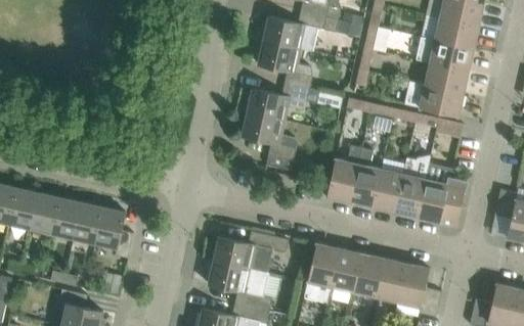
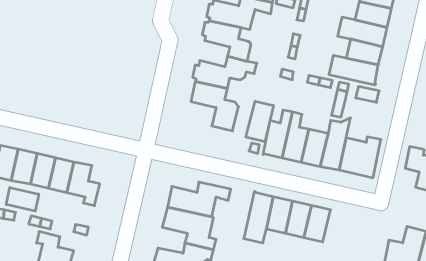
building: none -> [246,101,273,142]
building: none -> [6,187,39,211]
building: [397,264,441,317] -> none

